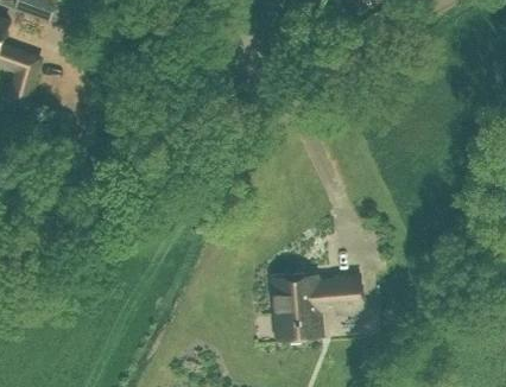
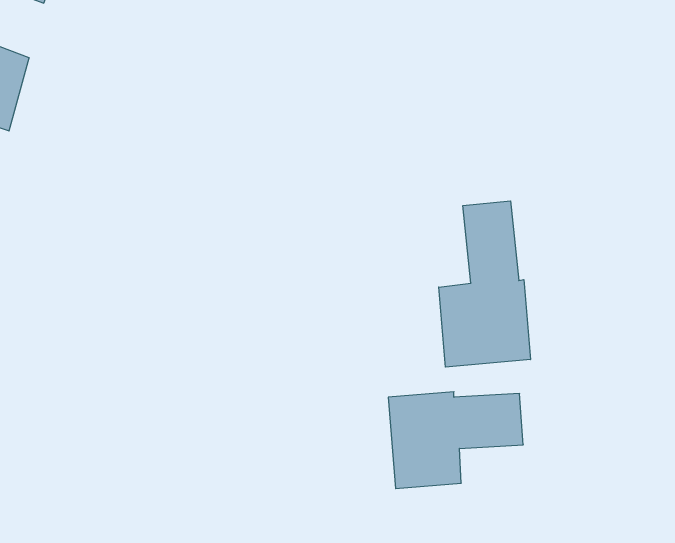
building: none -> [439,201,530,367]

